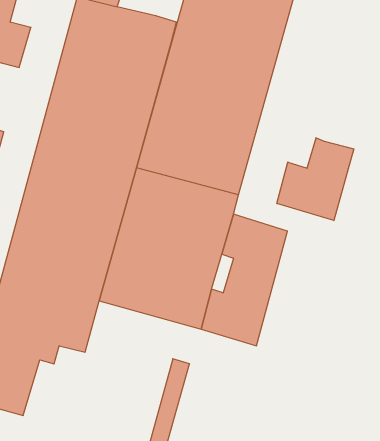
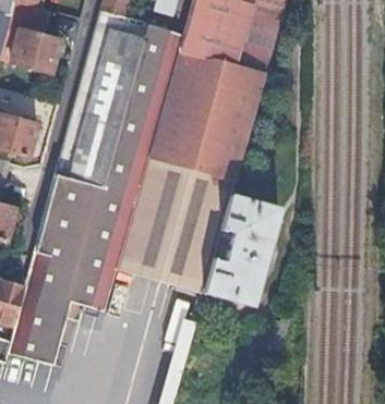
building: [277,138,354,221] -> none

